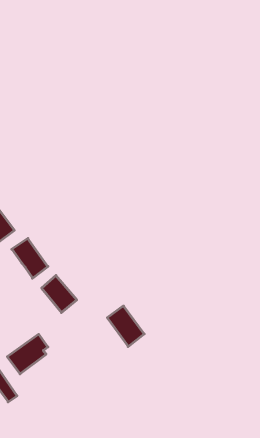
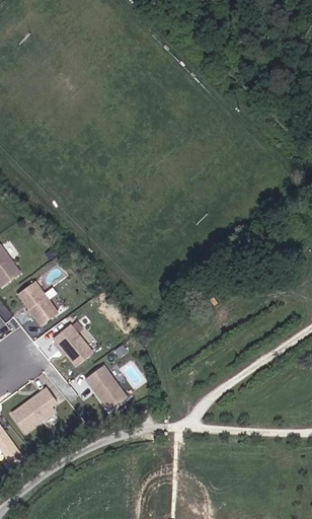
building: [107,306,144,347] -> [86,366,128,412]

